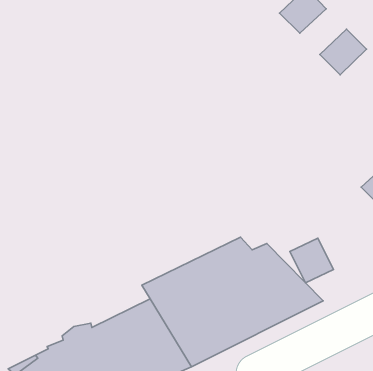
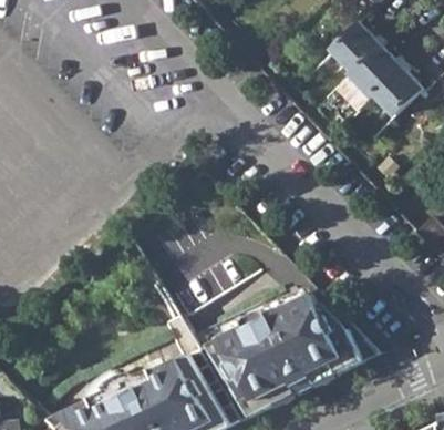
building: none -> [353,49,402,96]
building: [290,238,333,283] -> none

